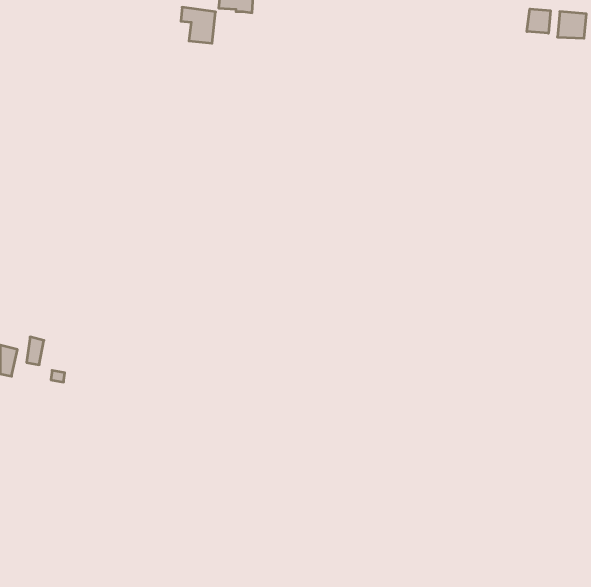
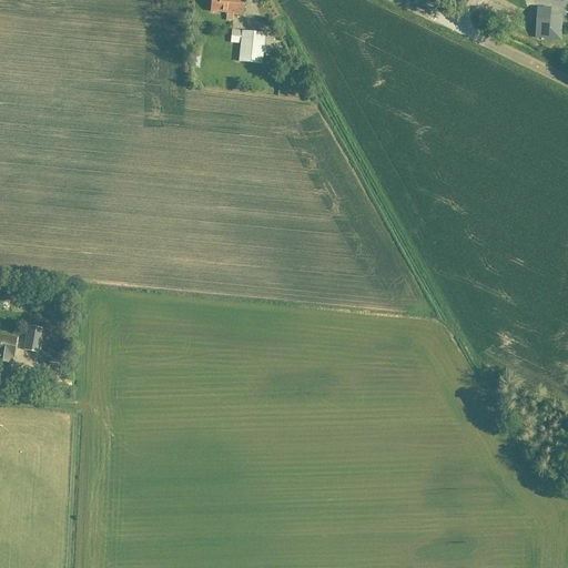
building: [181,7,216,43] -> [231,27,264,61]
building: [527,9,550,33] -> none

